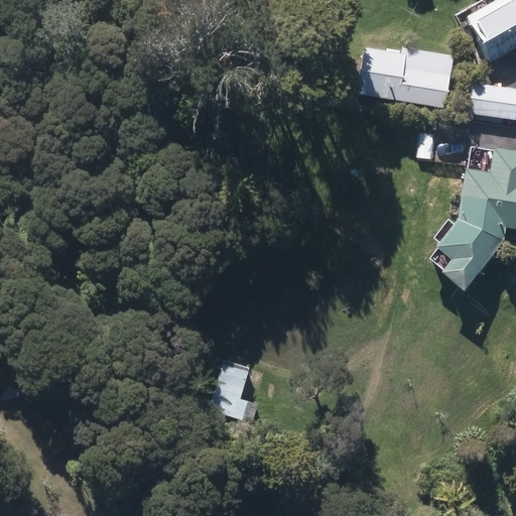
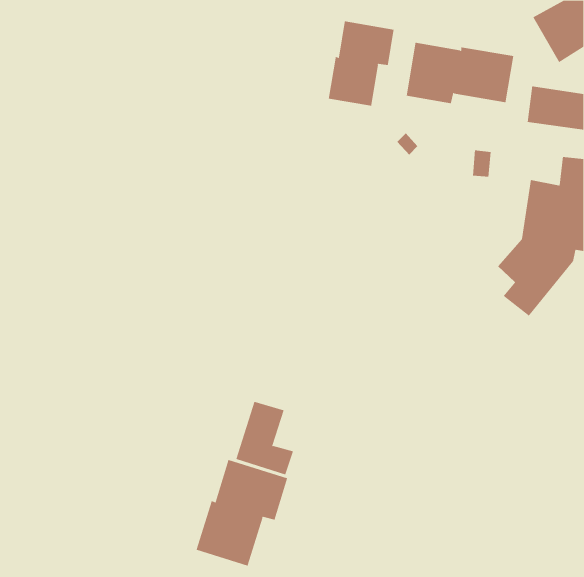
building: none -> [328,21,394,107]
building: none -> [196,459,288,566]

